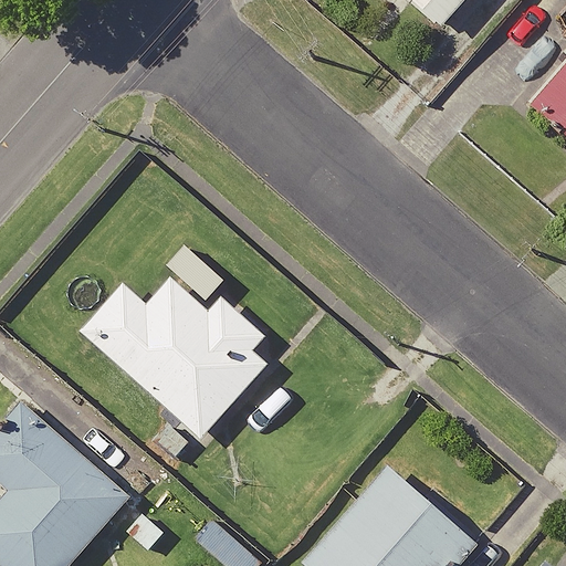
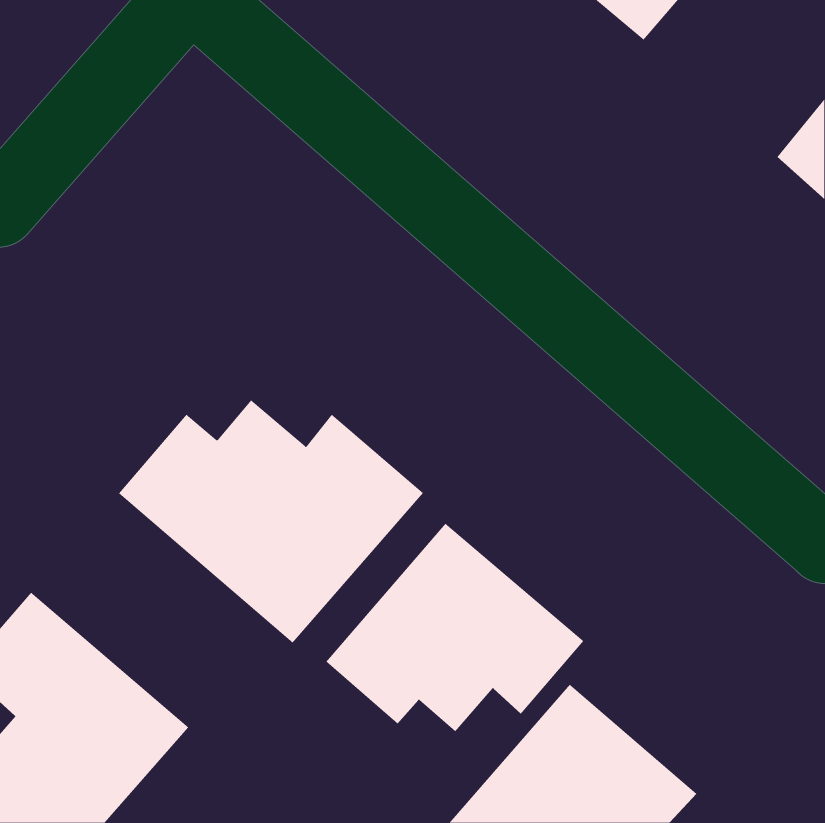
building: none -> [325,523,584,732]

